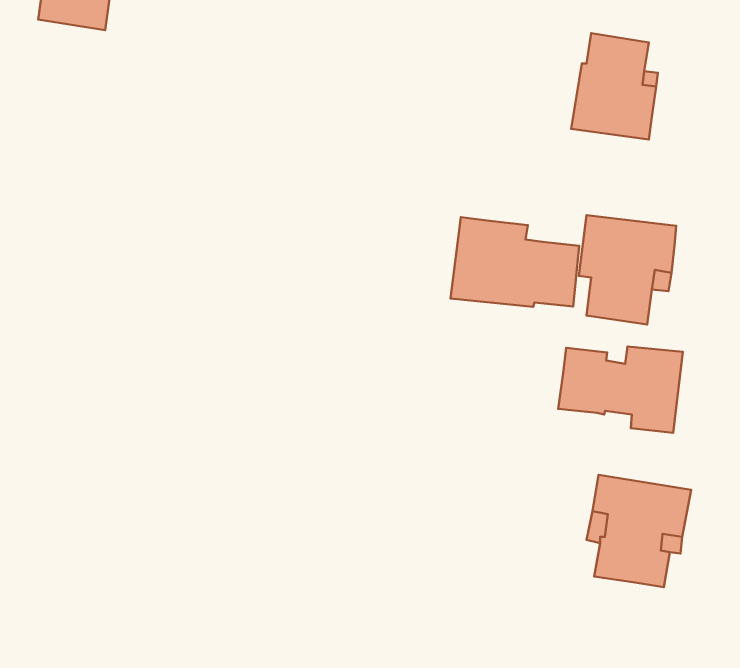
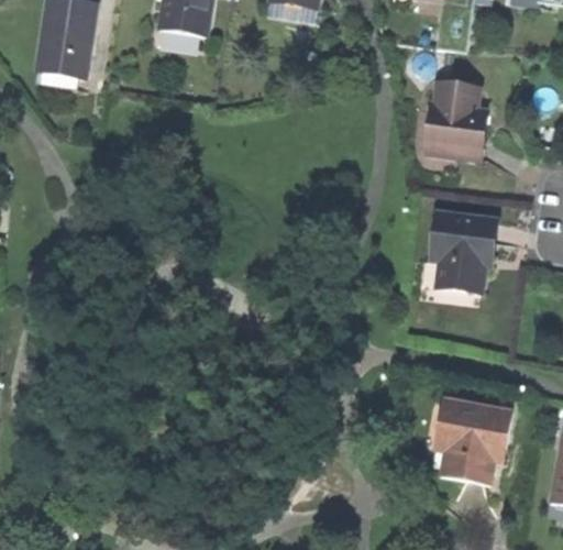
building: [451,217,579,307] -> none
building: [558,347,683,433] -> none

